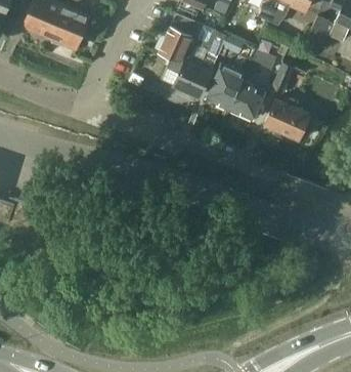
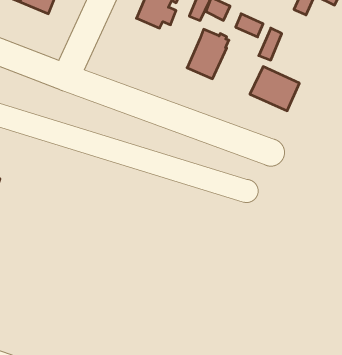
building: [173,59,211,97] -> none
building: [228,81,263,120] -> none

